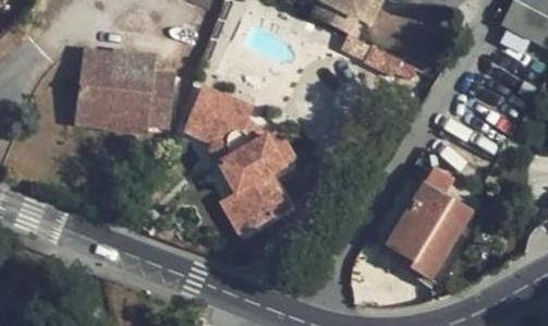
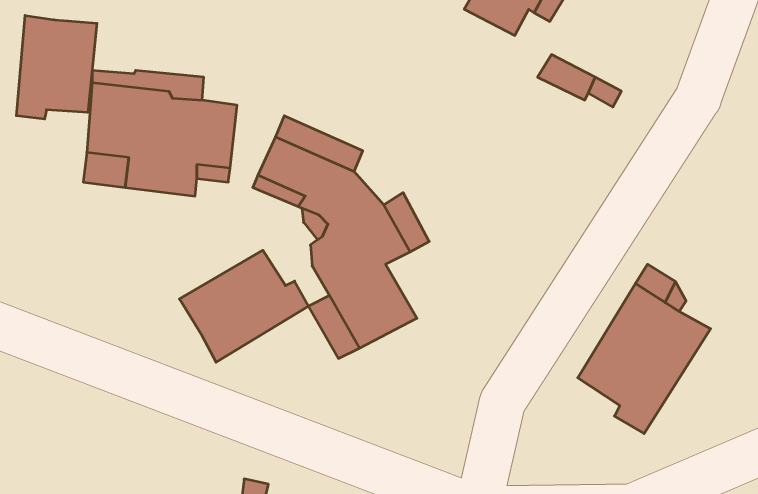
building: none -> [16,15,97,119]
building: none -> [179,250,309,362]

